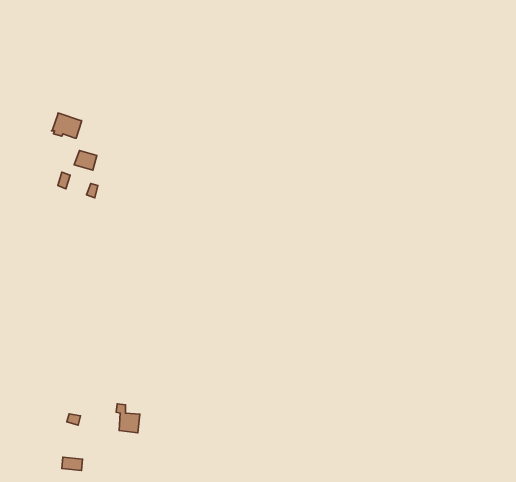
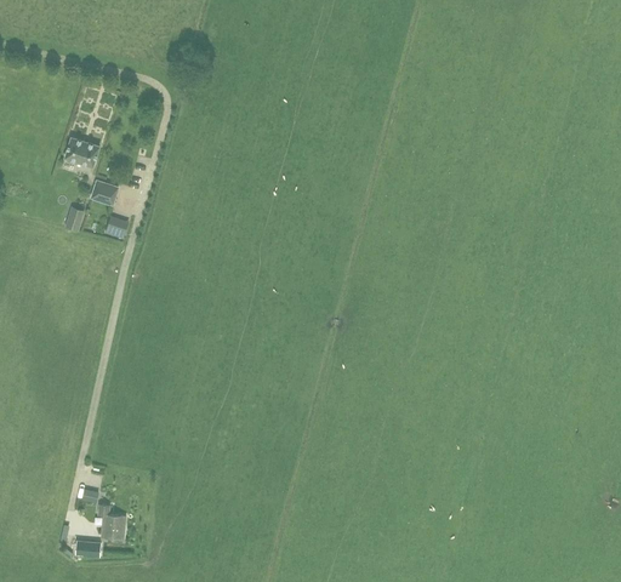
building: [116,404,140,433] -> [98,503,126,537]

